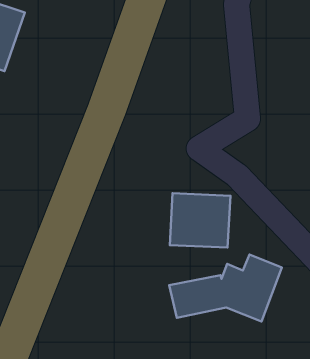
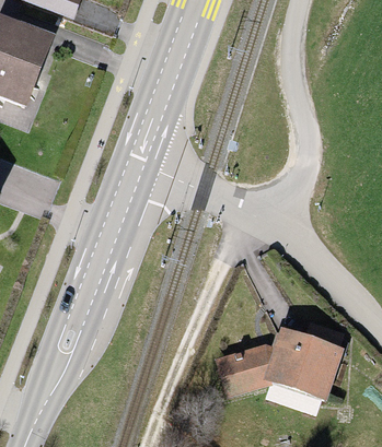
building: [170,193,230,248] -> none

